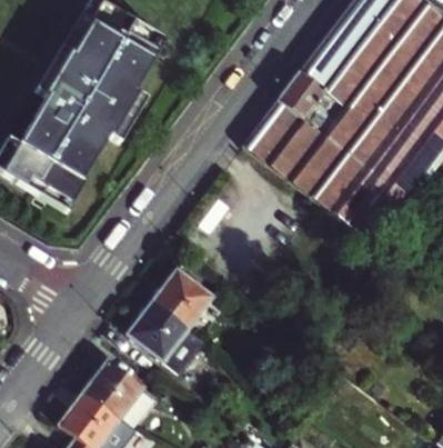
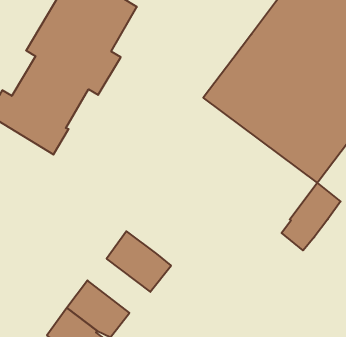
building: none -> [282,183,341,250]
building: [152,270,212,329] -> none

